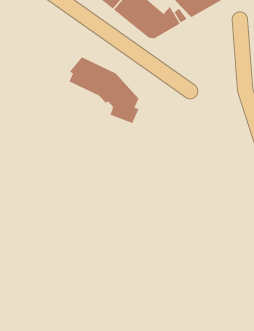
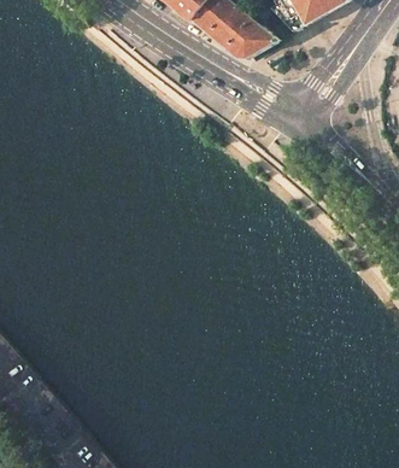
building: [69,56,139,124] -> none

